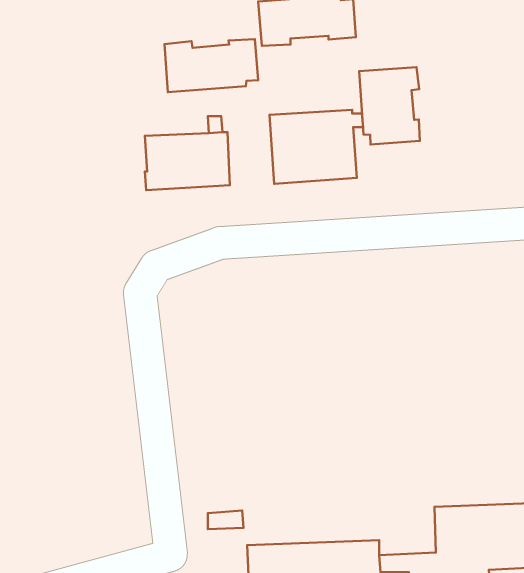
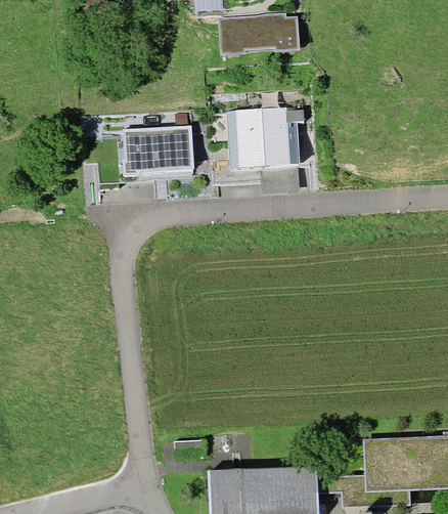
building: [165,39,258,92] -> none
building: [359,67,420,145] -> none

